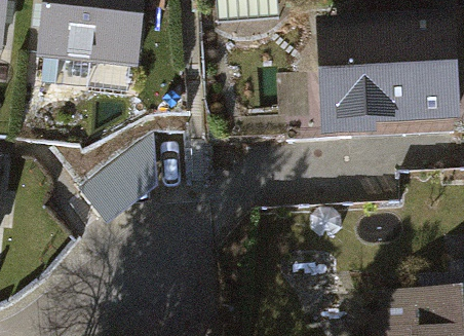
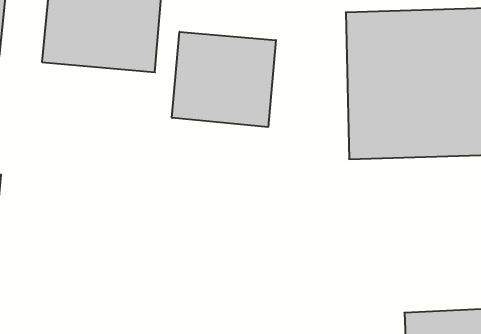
building: none -> [172,32,276,127]

